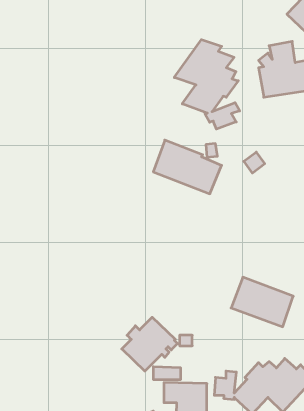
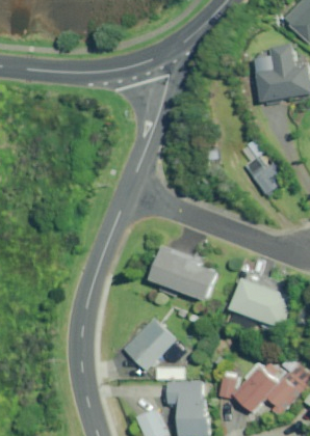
building: [174,40,240,129] -> none
building: [153,140,222,194] -> [148,247,215,300]
building: none -> [248,166,277,197]

